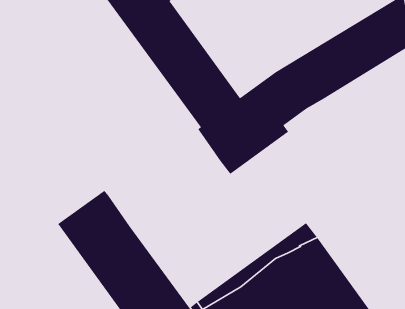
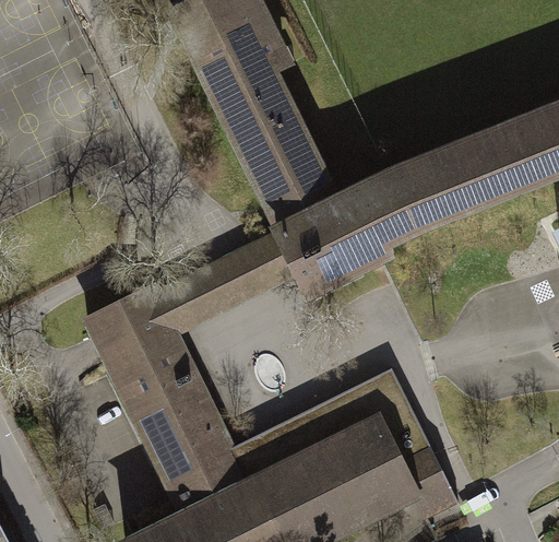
building: none -> [156,235,298,337]

